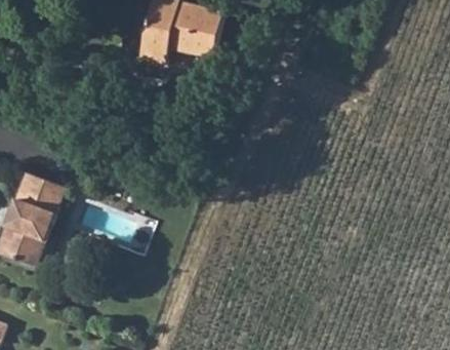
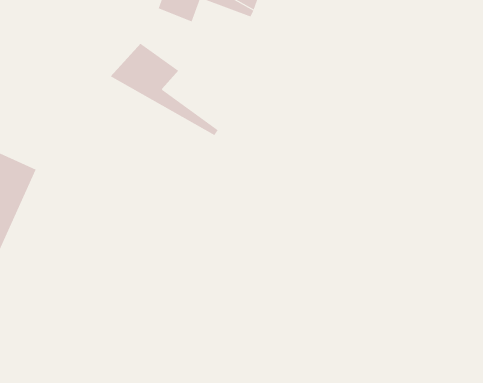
building: none -> [110,43,219,136]

